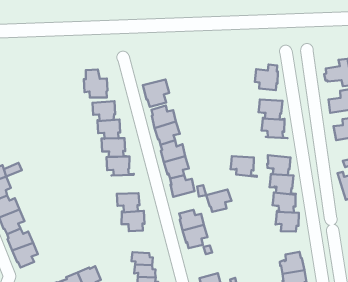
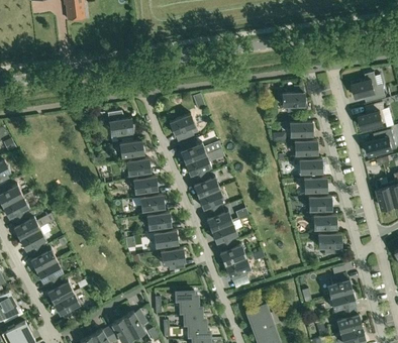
building: [231,156,257,177] -> [299,159,326,179]
building: none -> [146,213,176,234]
building: [206,190,231,212] -> [211,223,237,247]

